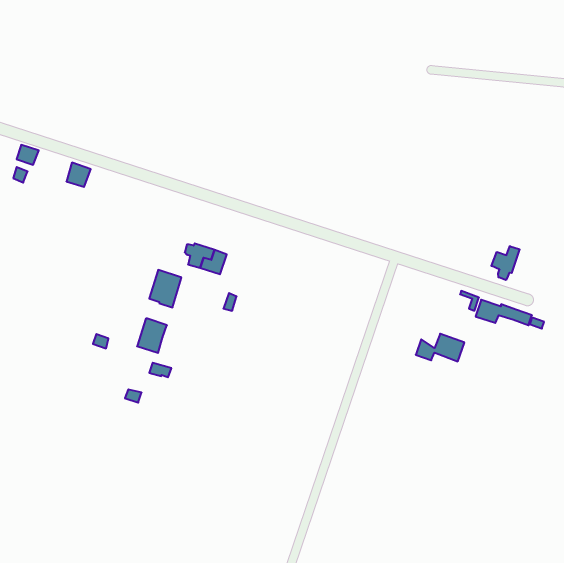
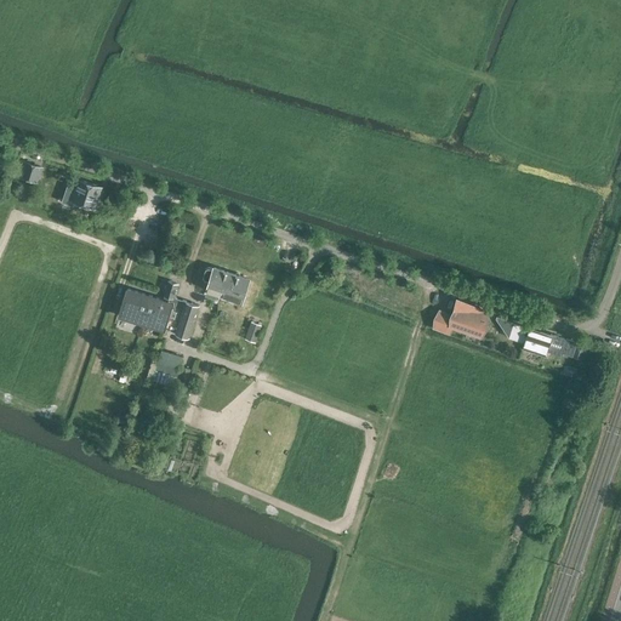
building: [491,246,520,280] -> none
building: none -> [118,283,177,330]
building: [416,334,464,361] -> [433,306,486,336]

